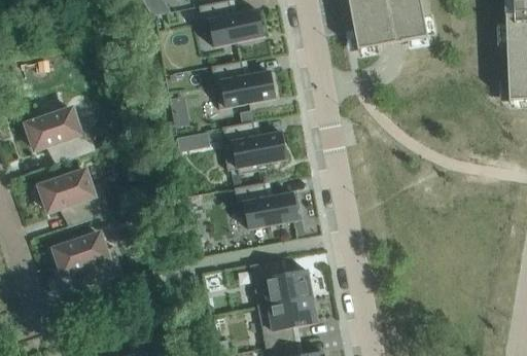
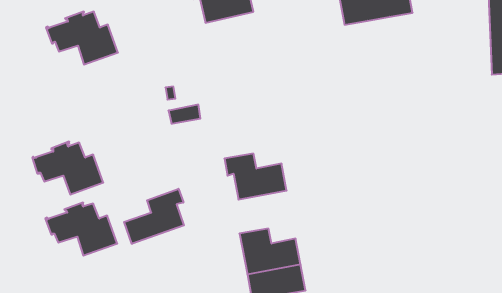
building: [212,60,276,108] -> none
building: [23,107,97,162] -> [46,12,118,65]
building: [222,120,287,173] -> none
building: none -> [124,189,184,244]

